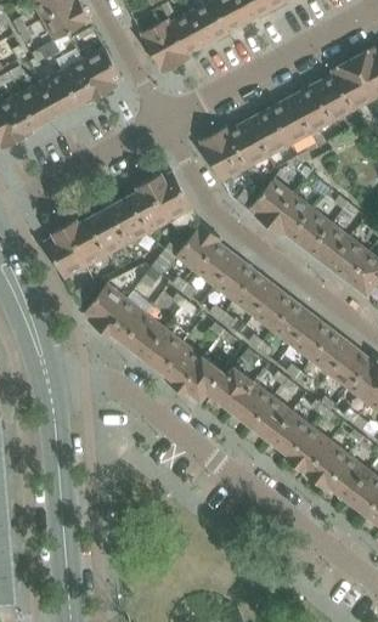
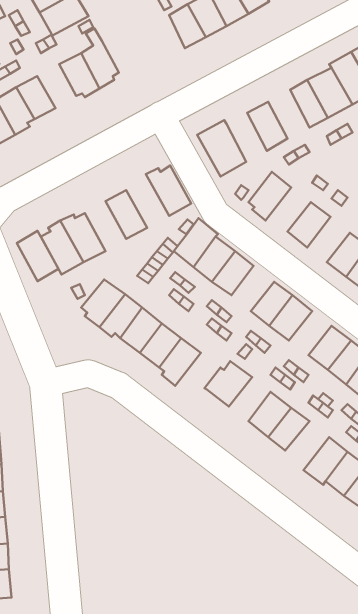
building: [141,18,190,72] -> none
building: [40,69,79,113] -> none
building: [270,95,311,143] -> none
building: [229,118,269,166] -> none
building: [129,179,171,232] -> none
building: [267,192,312,236] -> none
building: [88,205,129,255] -> [17,231,58,281]
building: [309,221,351,266] -> none
building: [233,270,276,315] -> none
building: [290,315,333,358] -> none
building: [177,356,222,400] -> none
building: [231,380,272,424] -> none
building: [284,424,331,473] -> none

